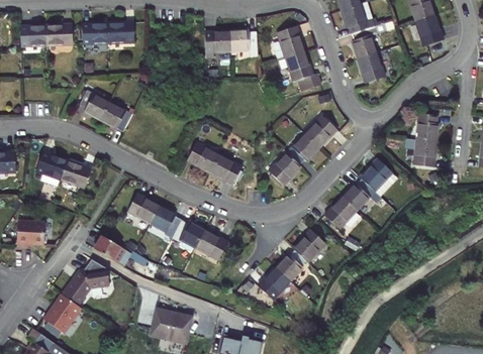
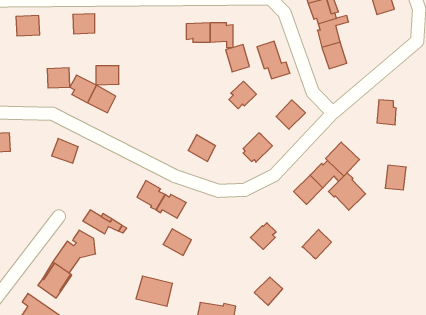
building: [416,16,443,46] -> none
building: [105,21,130,42] -> [96,66,119,85]
building: [43,22,69,44] -> [47,68,70,88]
building: [277,27,303,57] -> [226,44,249,72]
building: [289,134,319,164] -> [229,81,256,109]
building: [413,141,437,168] -> [385,165,406,190]
building: [186,143,217,171] -> none
building: [33,149,65,178] -> none
building: [129,193,162,223] -> none
building: none -> [328,173,366,210]
building: [15,220,43,247] -> none
building: [196,229,227,258] -> [163,229,191,255]
building: [293,231,325,263] -> [302,229,331,259]
building: [260,267,291,299] -> [254,277,283,305]

